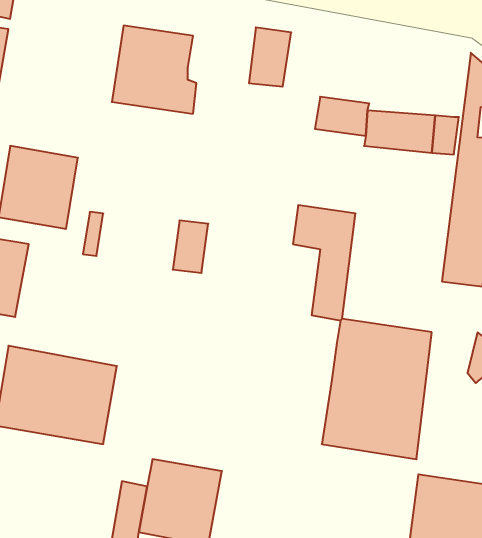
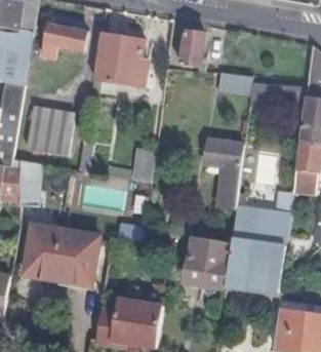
building: none -> [35,24,87,56]
building: none -> [182,239,228,287]

